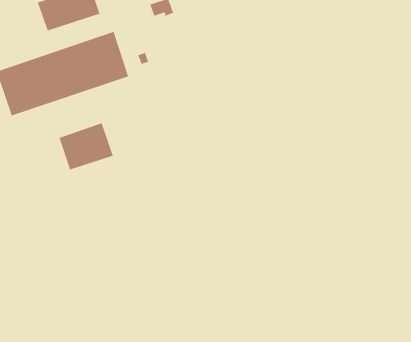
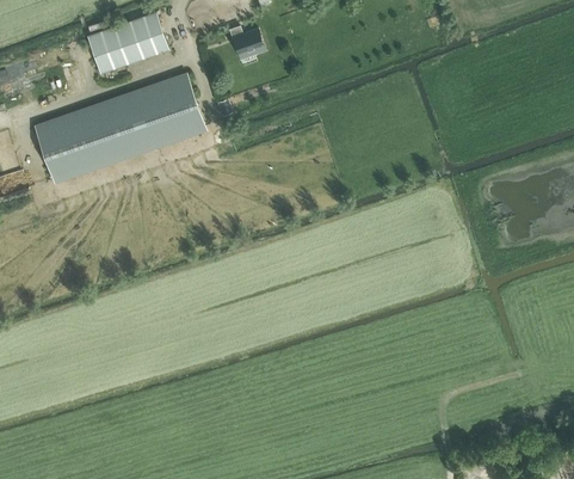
building: [59,122,114,171] -> none

